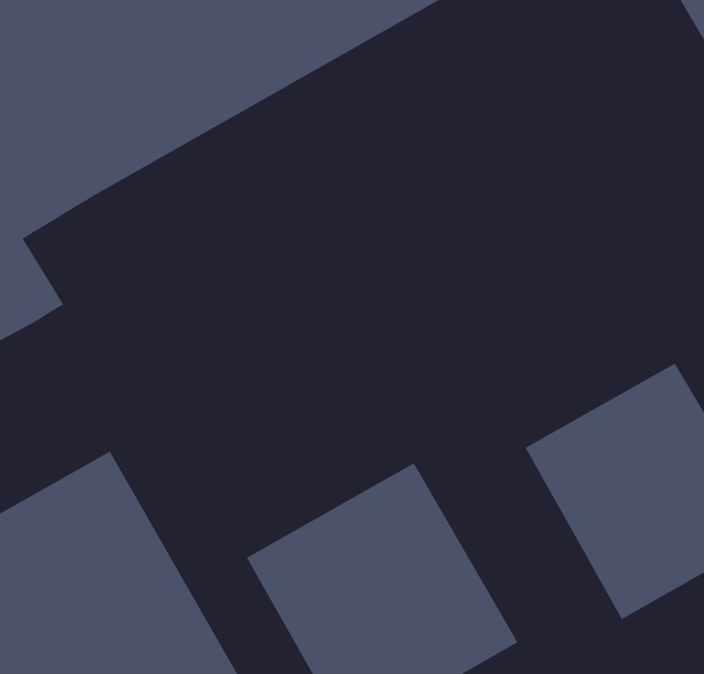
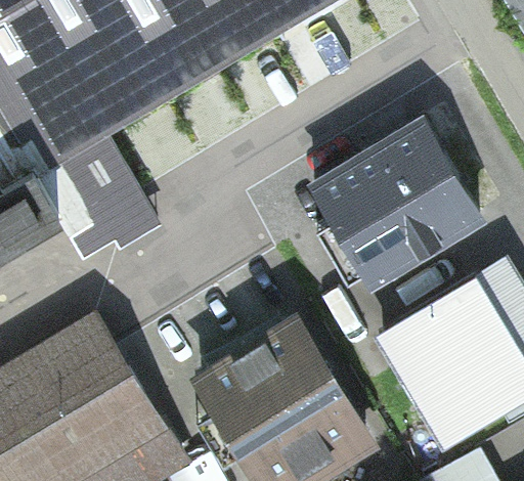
building: none -> [310,114,493,291]
building: none -> [37,136,147,270]

